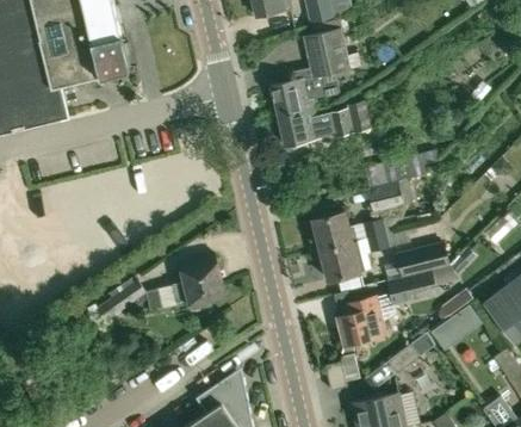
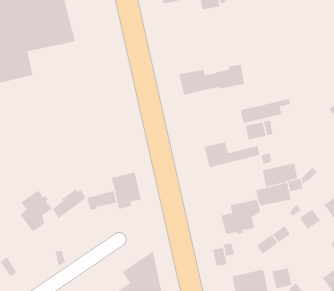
building: [271,29,349,116] -> none
building: [320,233,390,279] -> none
building: none -> [19,190,52,232]

